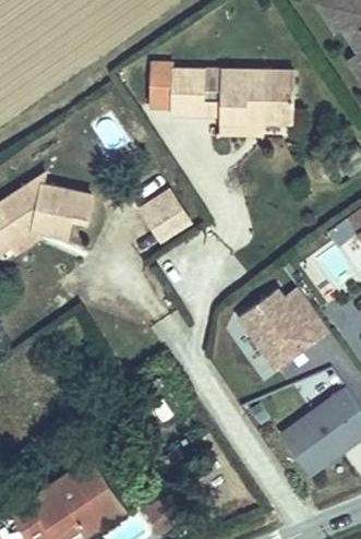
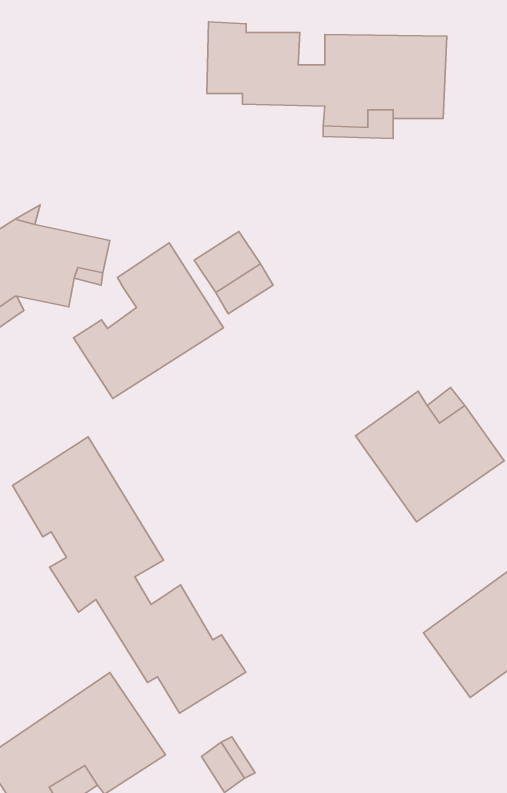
building: none -> [74,243,224,398]
building: none -> [12,437,246,713]

